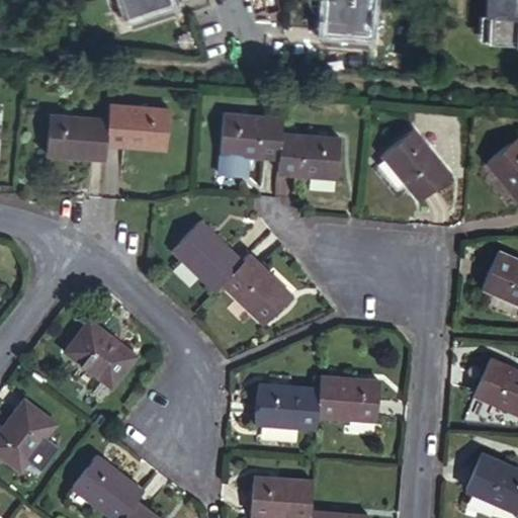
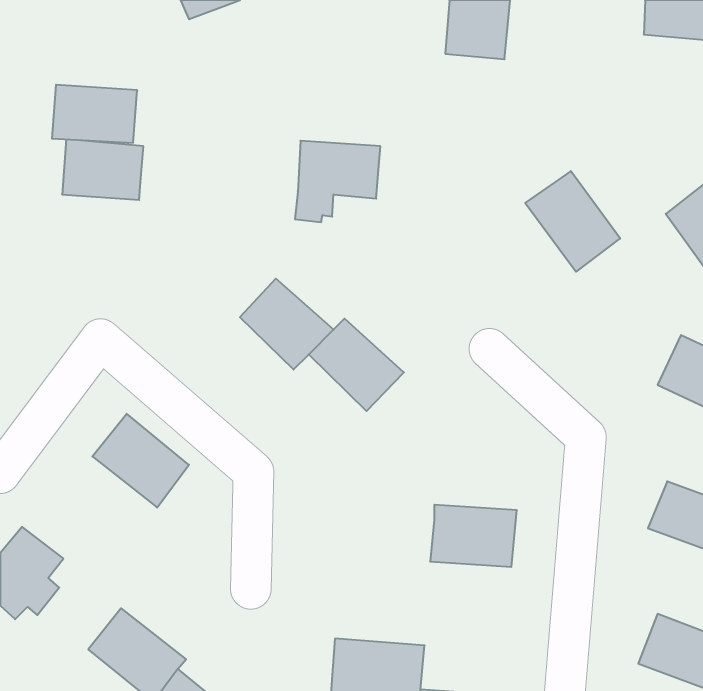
building: [104,104,167,147] -> [52,85,137,143]
building: [276,128,341,170] -> none
building: [251,386,320,431] -> none

